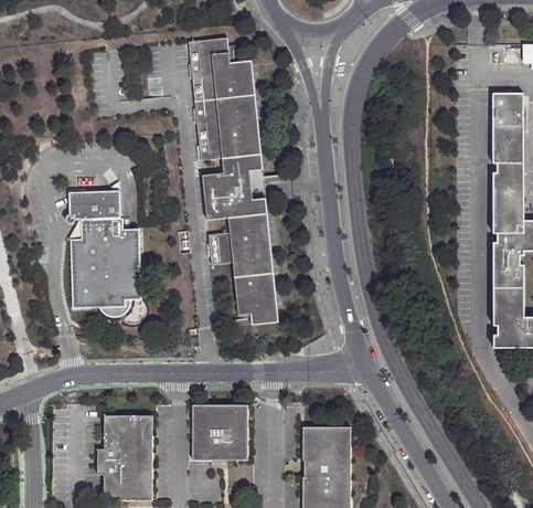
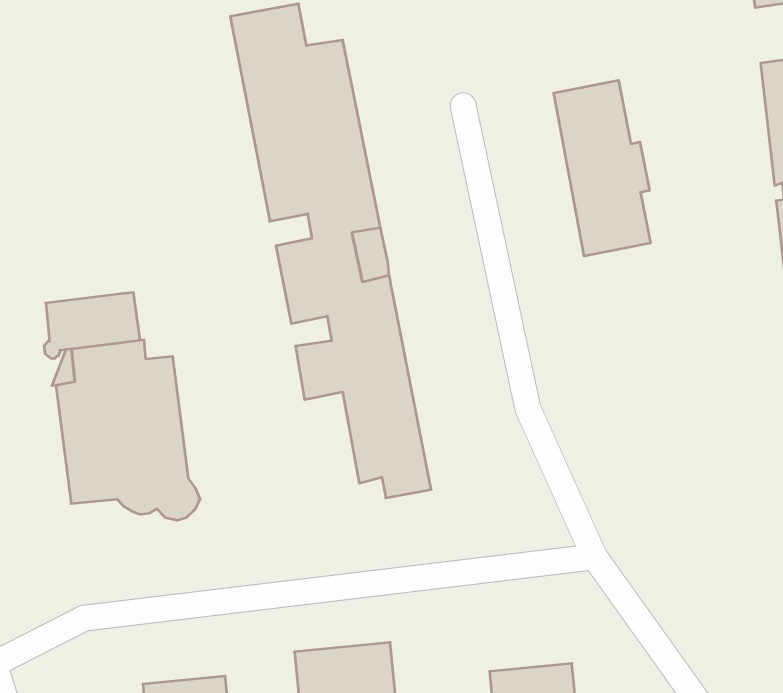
building: none -> [554,80,650,256]

